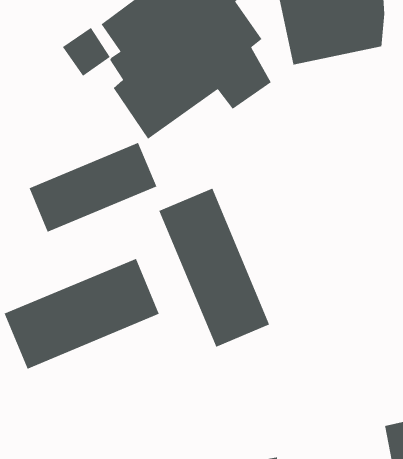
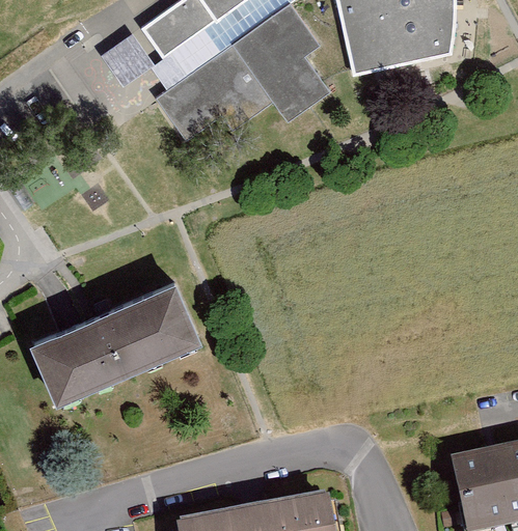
building: [28,142,157,233] -> none
building: [158,187,270,348] -> none

